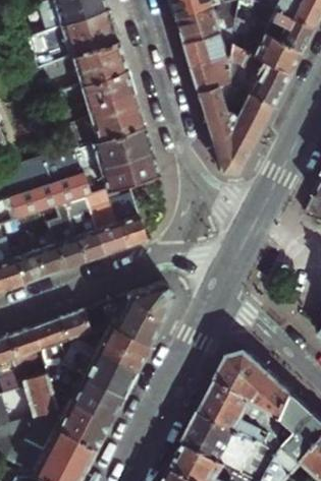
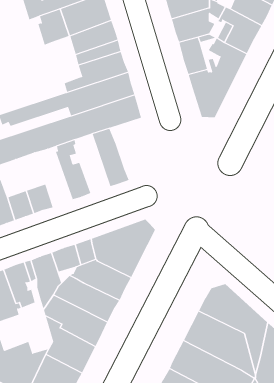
building: [86,191,124,255] -> none
building: [48,204,84,270] -> none
building: [24,371,62,428] -> none

